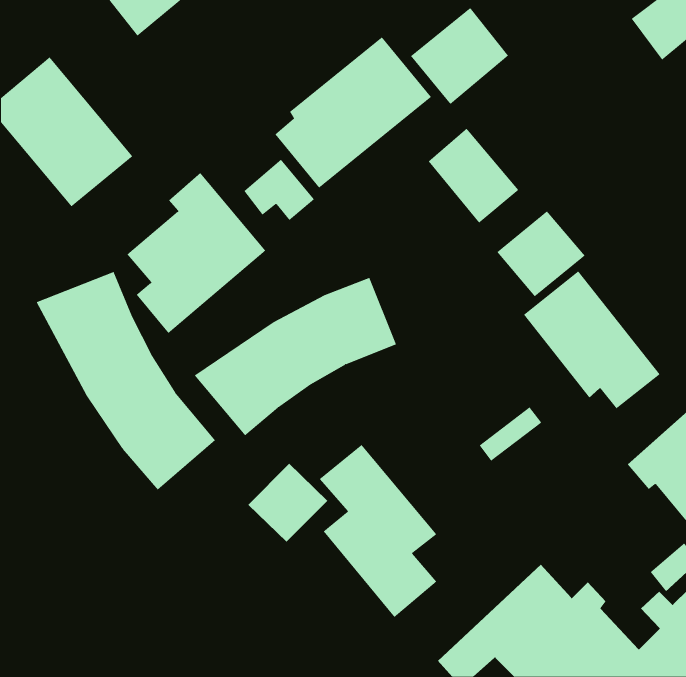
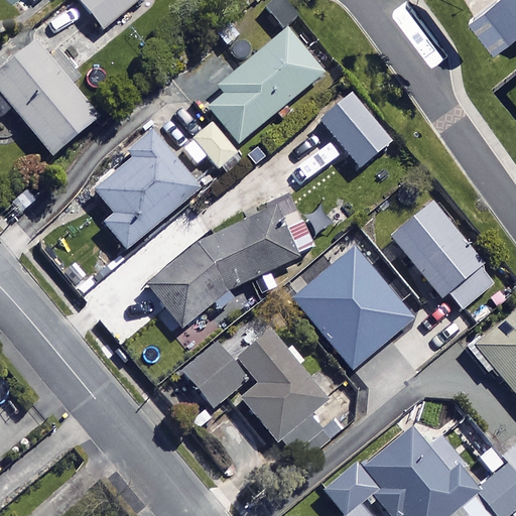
building: [410,7,509,105] -> none
building: [496,210,585,297] -> none
building: [36,271,216,490] -> none
building: none -> [295,257,380,340]

